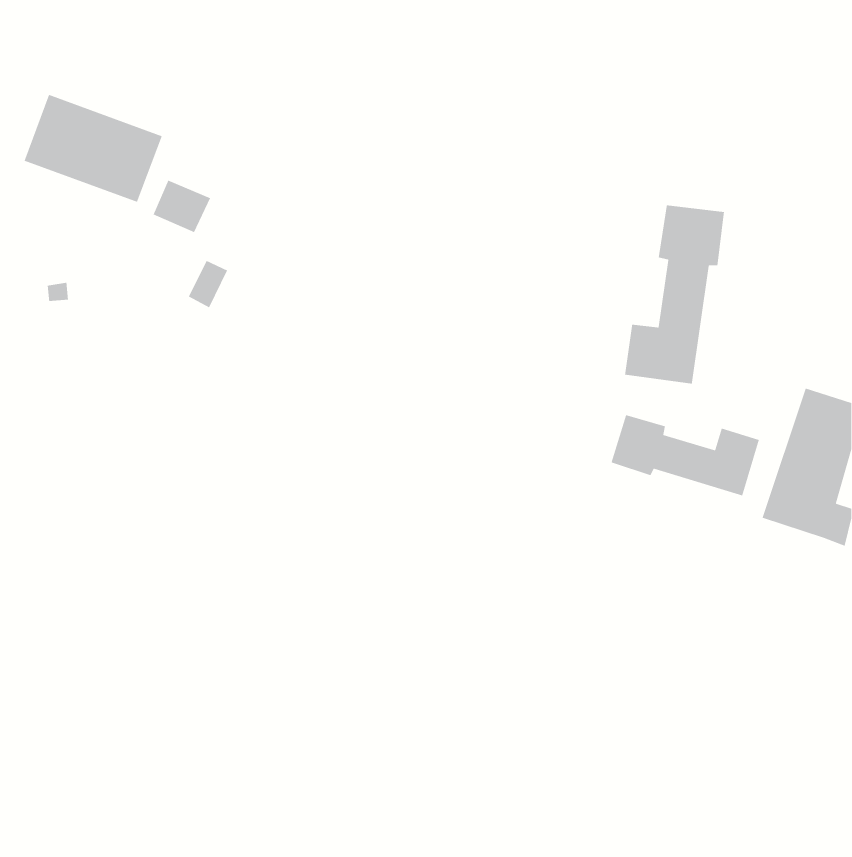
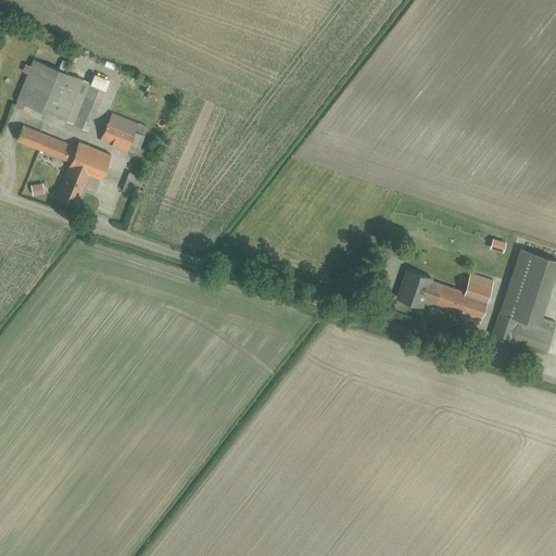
building: none -> [16,122,110,206]
building: [624,204,725,384] -> none

